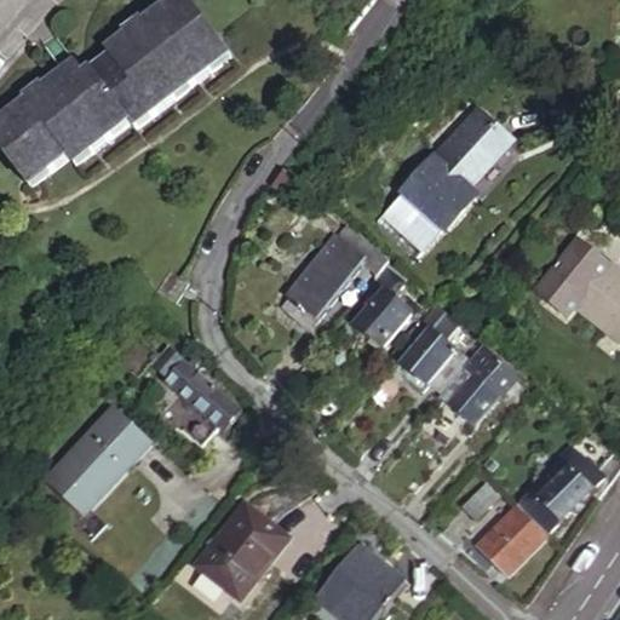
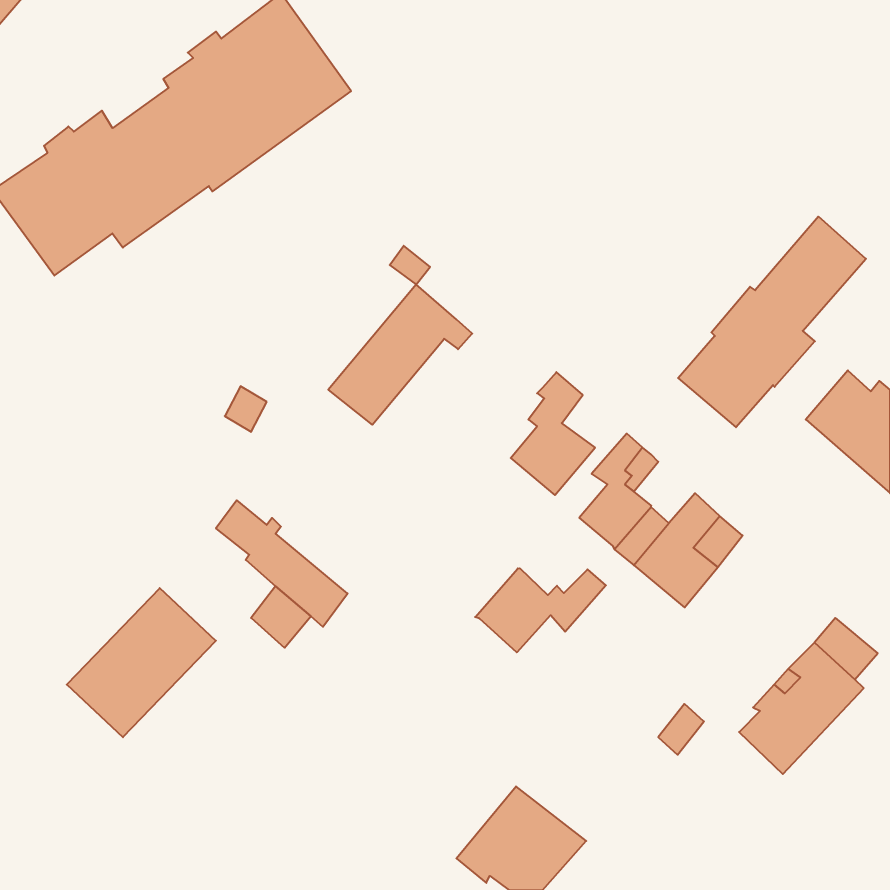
building: [378,114,507,259] -> [678,217,866,427]
building: [285,223,384,320] -> [328,284,472,425]
building: none -> [475,568,606,652]
building: [196,504,287,598] -> none
building: [472,505,540,572] -> none

